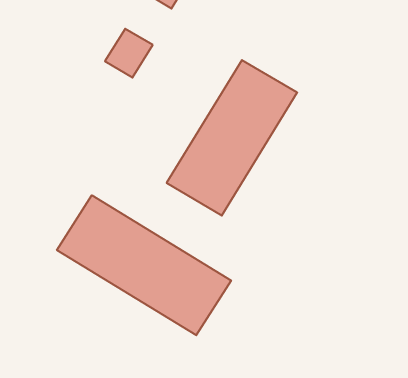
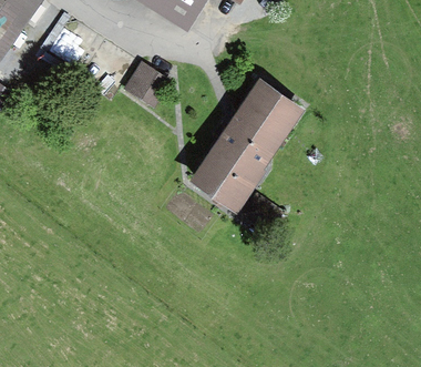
building: [57,195,231,335] -> none

